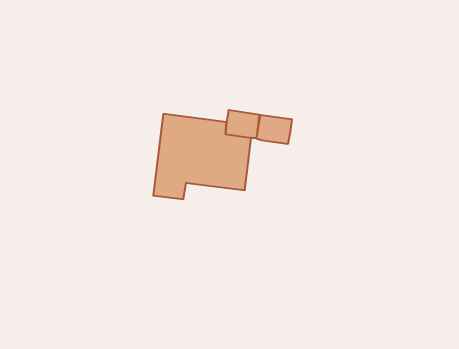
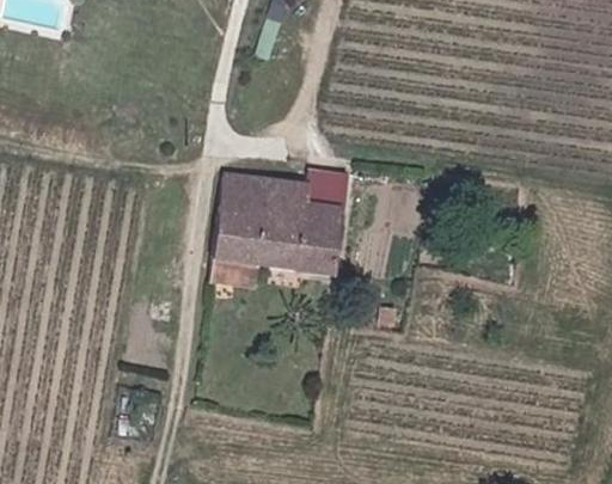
building: [257,115,292,144] -> none

